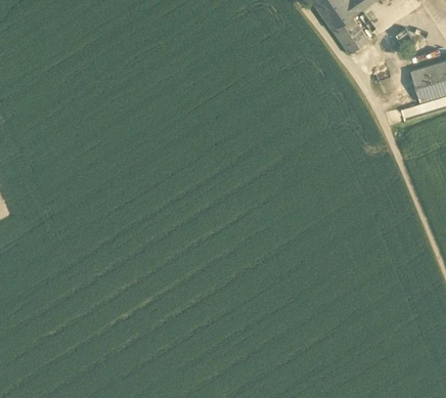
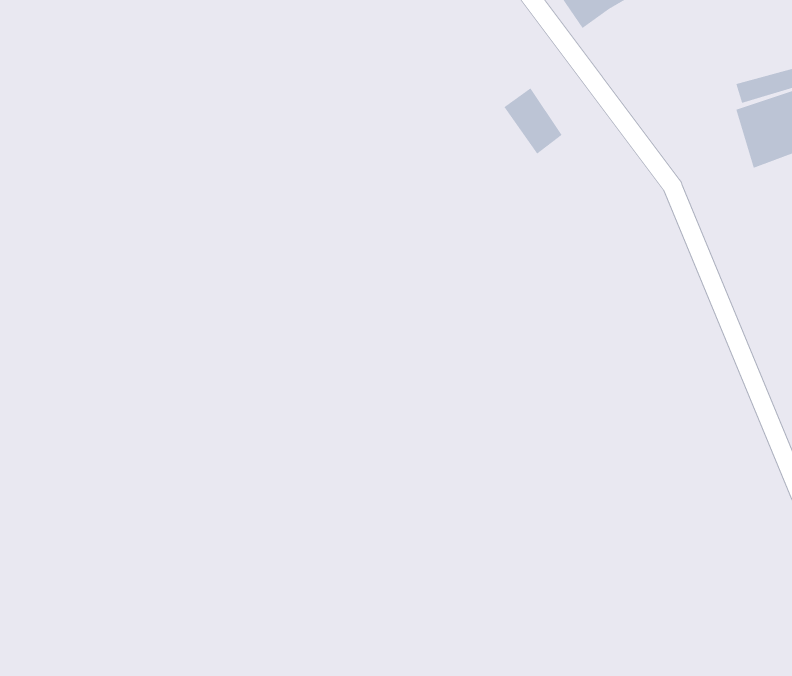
building: [332,20,363,55] -> [503,88,562,154]

